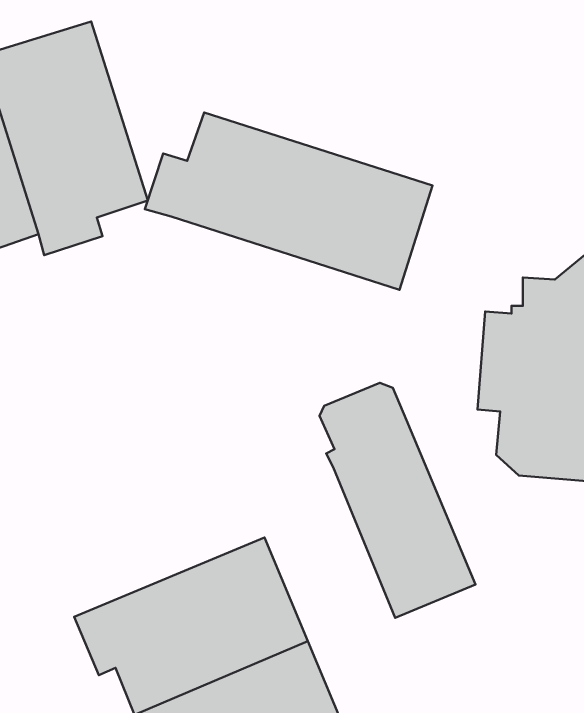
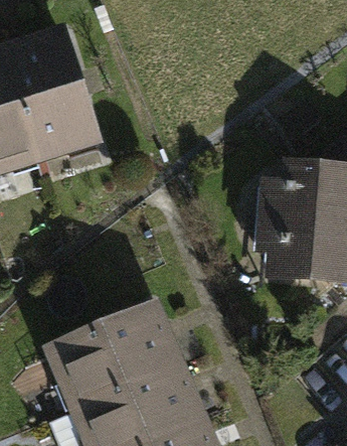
building: [145,112,432,290] -> none
building: [319,383,475,618] -> none

